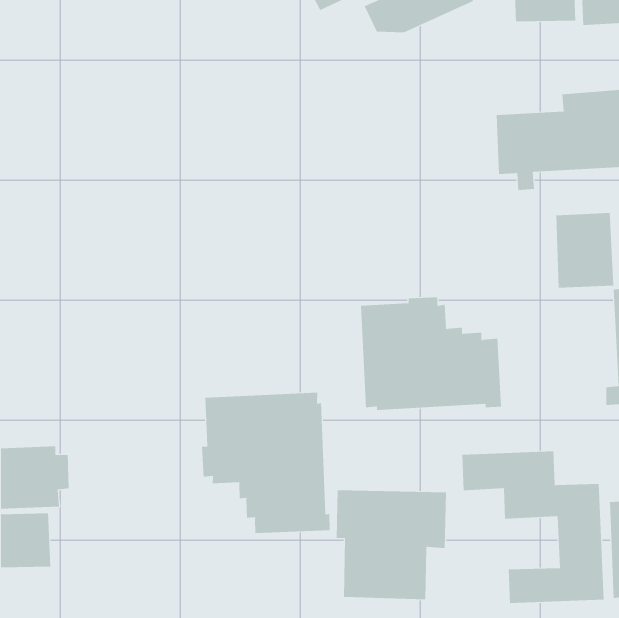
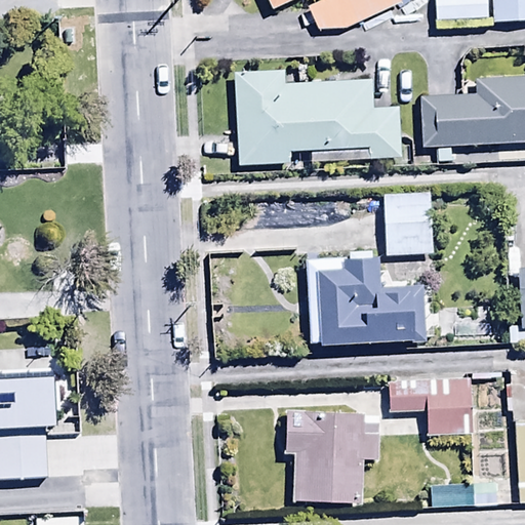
building: none -> [235,69,414,169]
building: [555,213,614,288] -> [385,191,434,254]
building: [202,392,330,534] -> none

